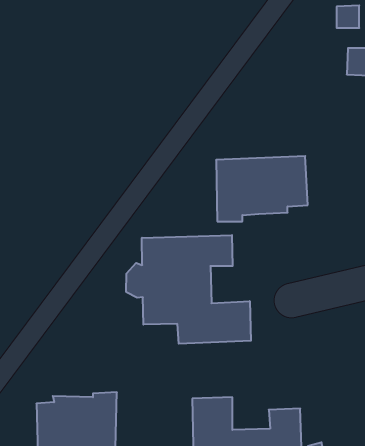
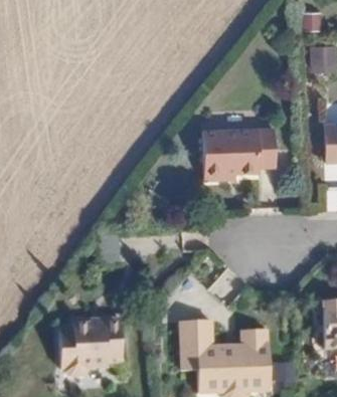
building: [126,235,251,344] -> none

